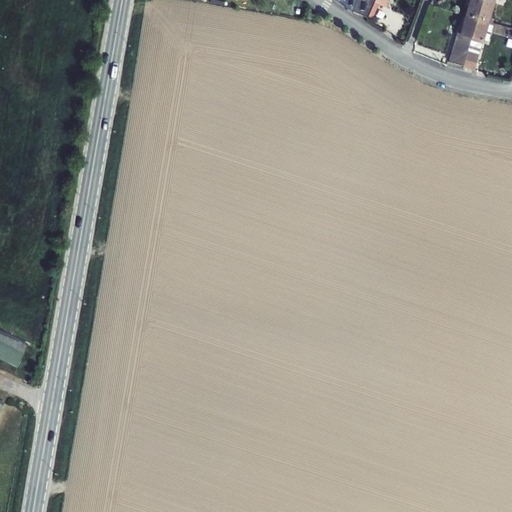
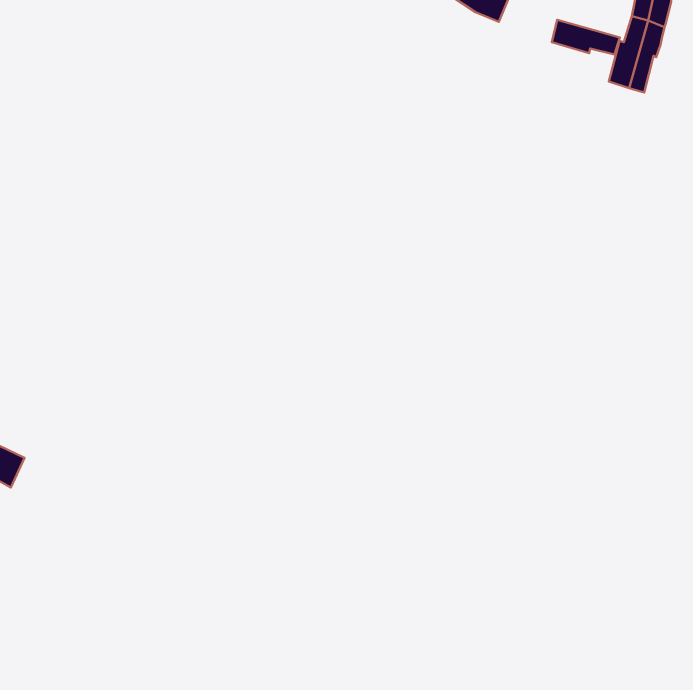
building: none -> [552,20,620,54]

